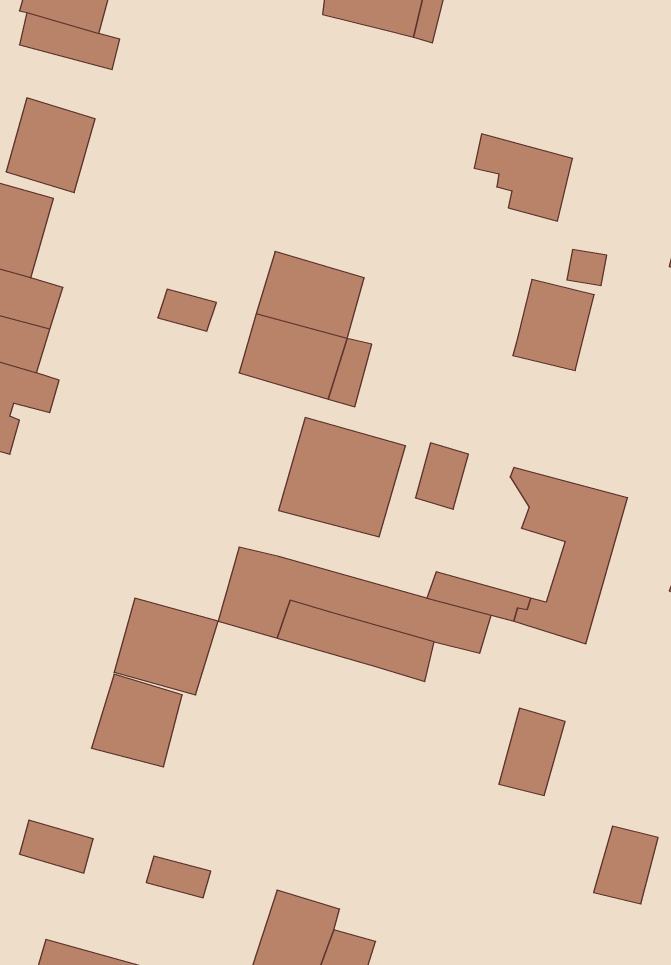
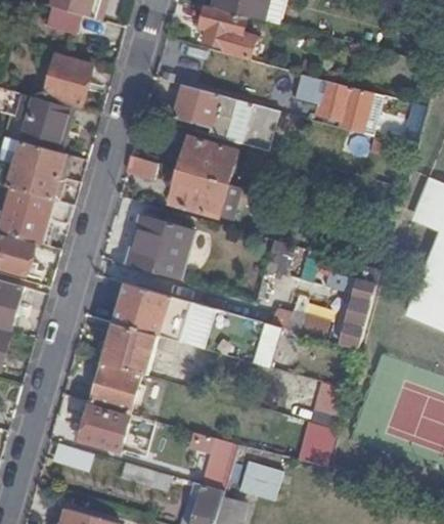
building: none -> [199,6,256,59]
building: none -> [174,85,279,150]
building: [513,280,594,371] -> [340,86,384,135]
building: [279,418,406,537] -> [126,215,194,279]
building: none -> [114,283,170,336]
building: none -> [80,408,128,452]
building: none -> [201,438,237,491]
building: [594,826,658,904] -> [300,424,335,466]
building: none -> [240,458,285,500]

